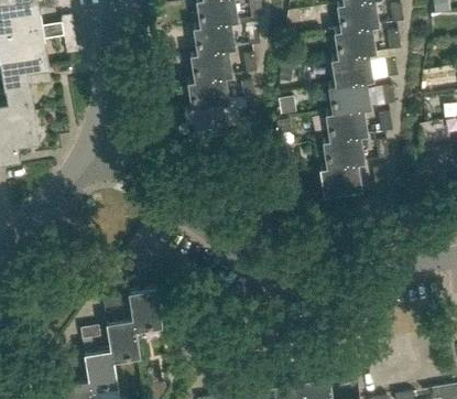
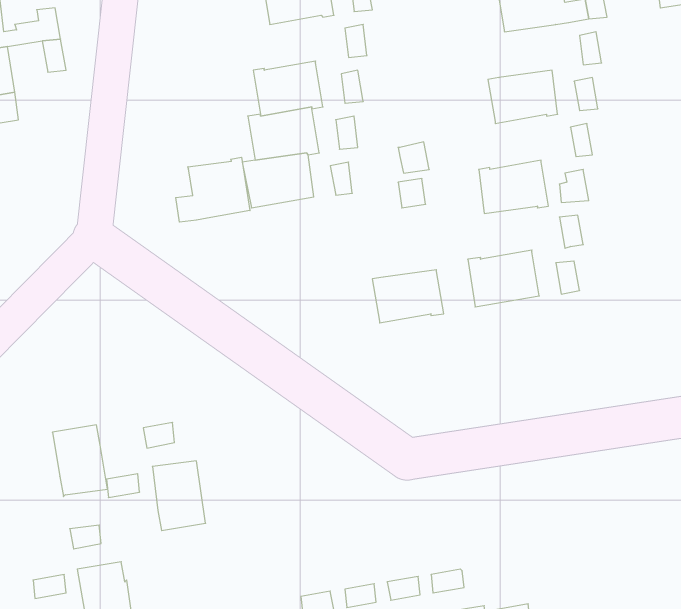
building: [194,22,236,55] -> none
building: [334,28,377,60] -> none
building: [328,82,371,115] -> none
building: none -> [176,157,250,222]
building: [323,137,366,169] -> [372,270,444,323]
building: [107,320,140,363] -> [52,425,107,497]

